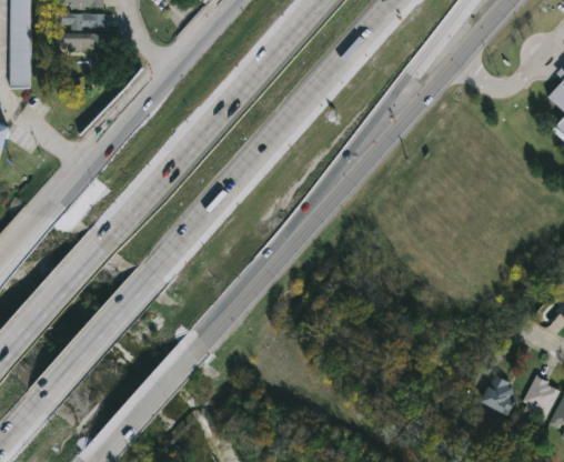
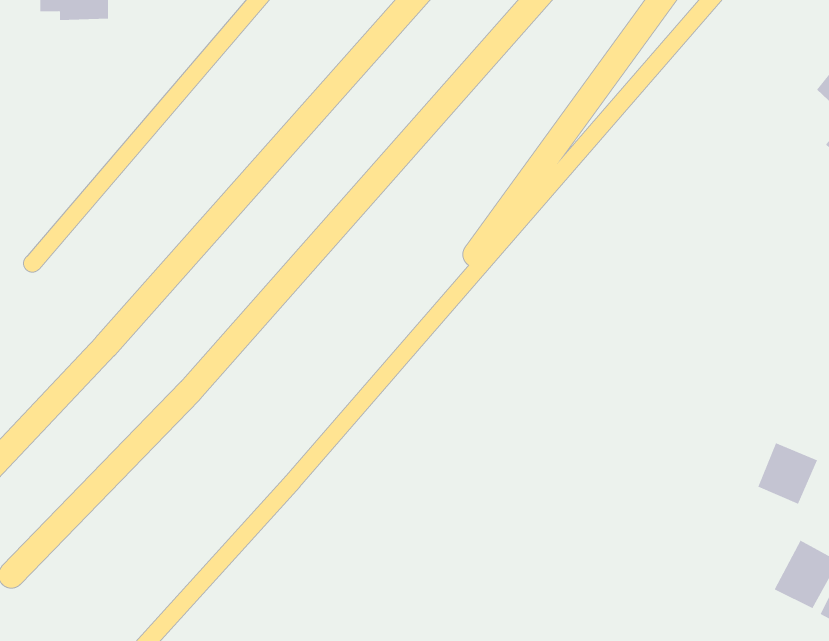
building: [481,374,518,413] -> [758,443,818,505]

